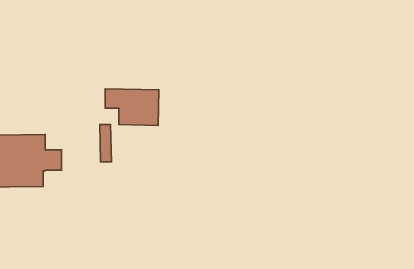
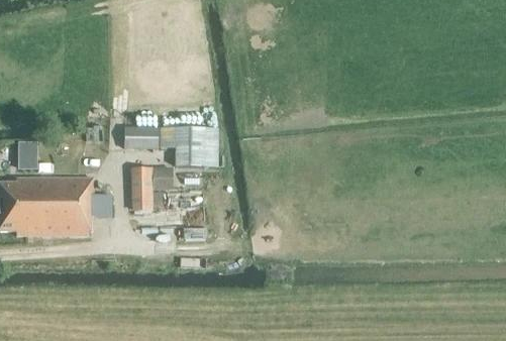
building: none -> [124,131,157,148]
building: none -> [133,168,151,211]

